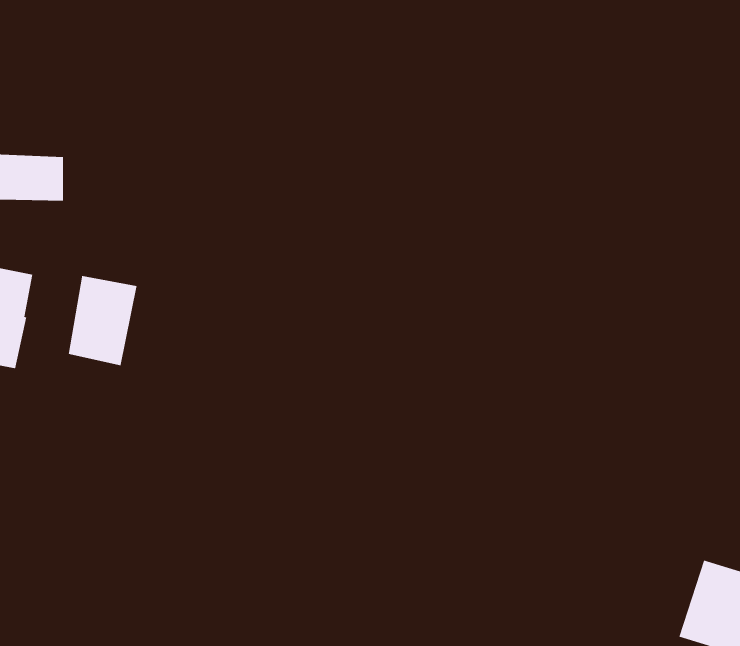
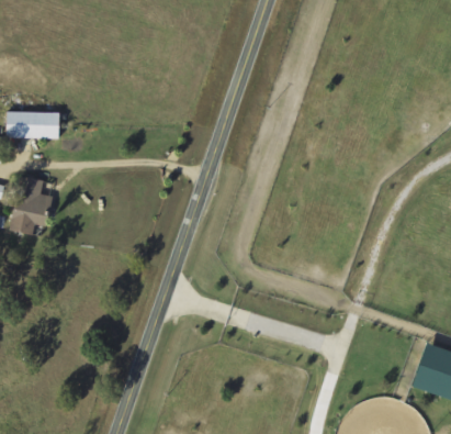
building: [68,275,137,366] -> none

